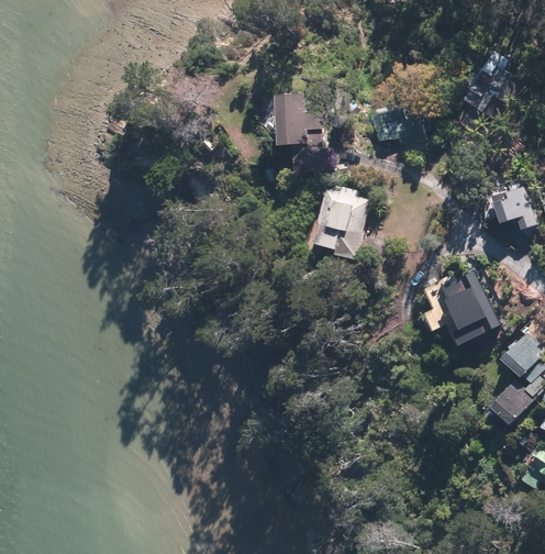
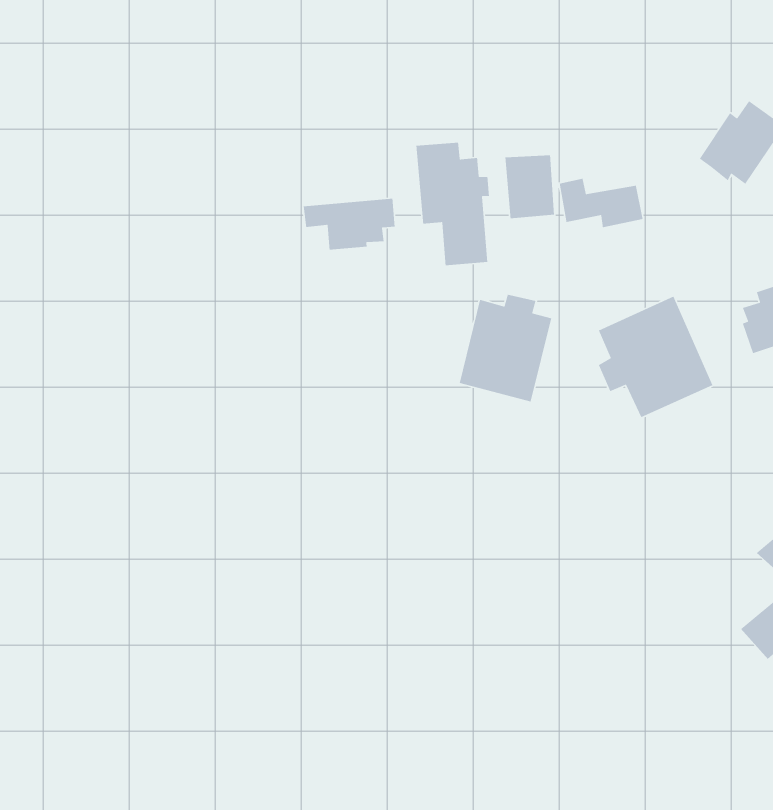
building: none -> [504,155,555,219]
building: none -> [303,198,396,250]
building: [424,267,498,345] -> [598,296,713,418]

